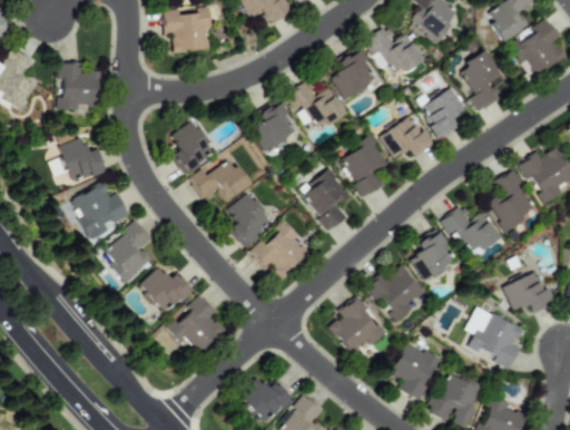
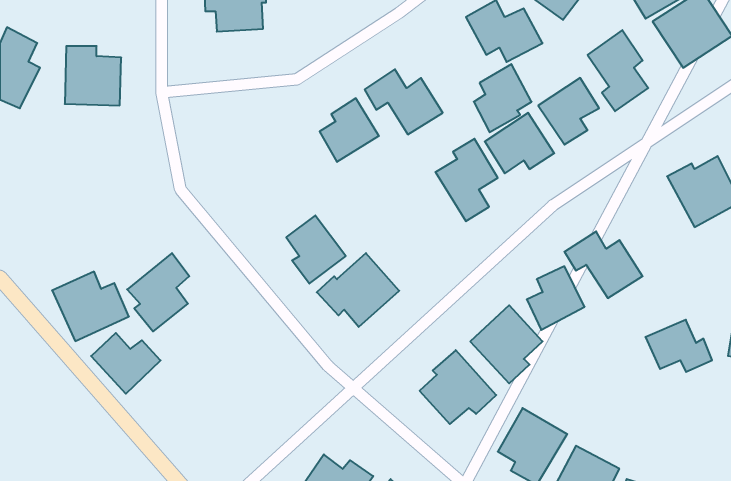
building: [332,49,376,101] -> [474,64,532,132]
building: [171,120,215,174] -> none
building: [58,137,107,183] -> none
building: [188,158,249,202] -> none
building: [301,169,351,231] -> none
building: [489,169,535,229] -> none
building: [70,184,129,237] -> [52,272,129,341]
building: [139,266,193,313] -> [91,333,161,394]
building: [166,295,225,354] -> none
building: [465,307,523,370] -> none

